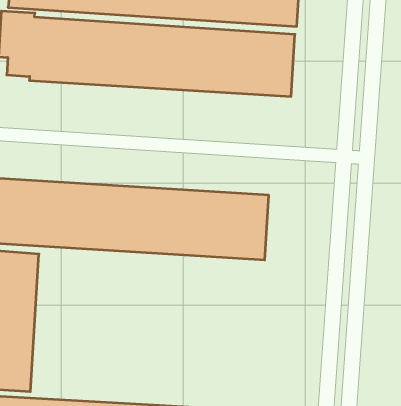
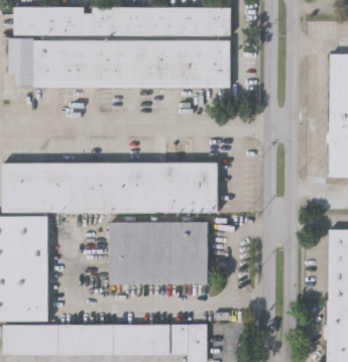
building: none -> [110,222,207,283]

